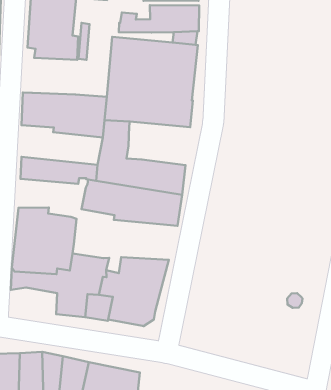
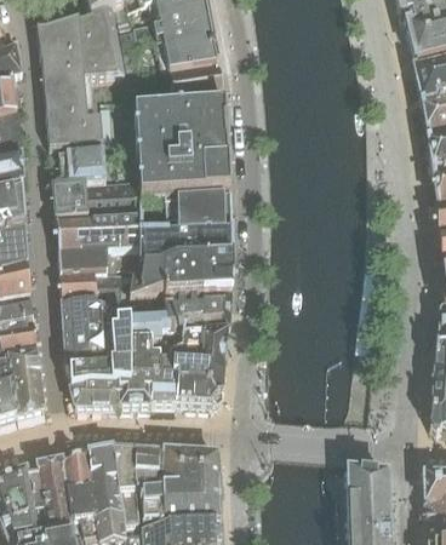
building: none -> [59,149,107,184]
building: none -> [167,200,231,236]
building: none -> [57,219,142,252]
building: none -> [63,270,133,306]
building: none -> [131,297,233,344]
building: none -> [70,386,121,409]

